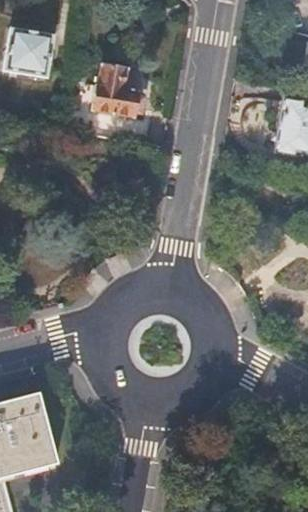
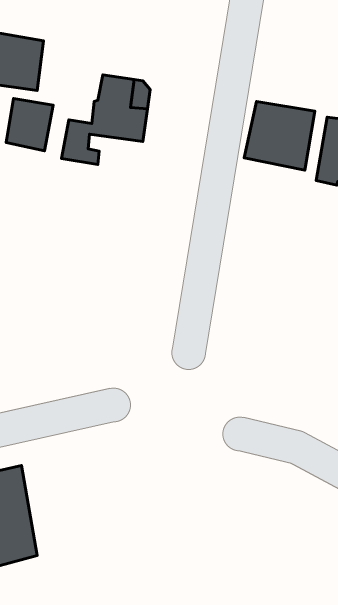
building: none -> [6,99,53,151]
building: none -> [244,101,315,170]

